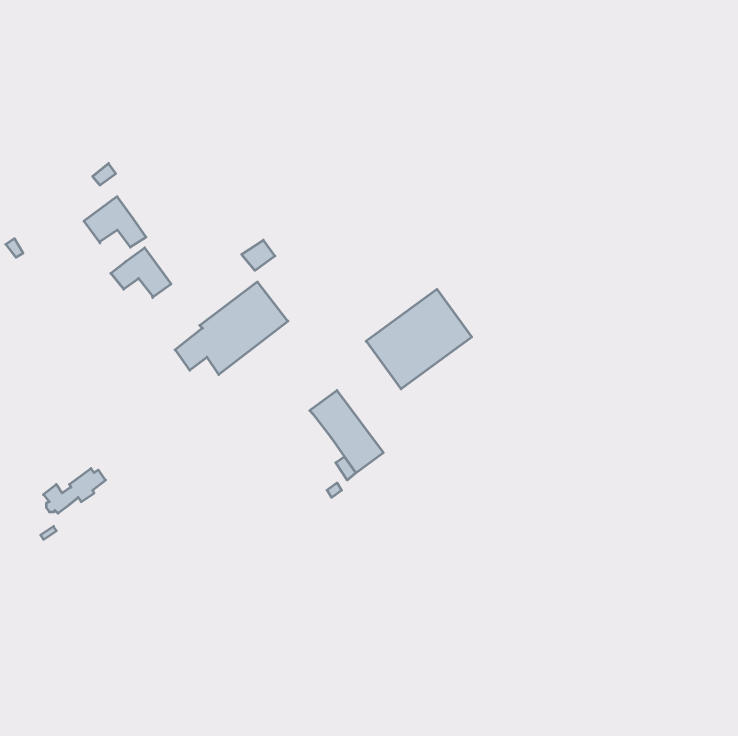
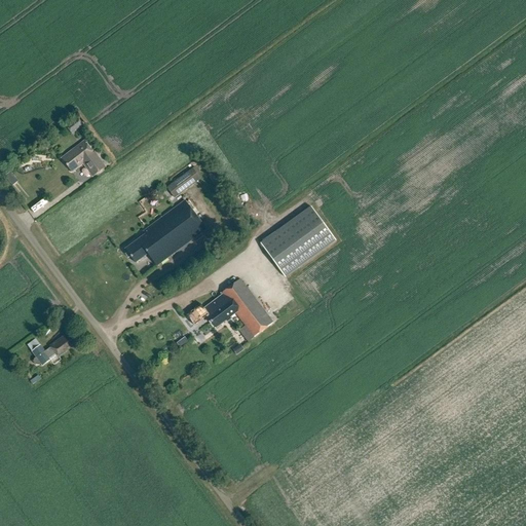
building: [111,248,171,298] -> none
building: none -> [186,294,235,327]

